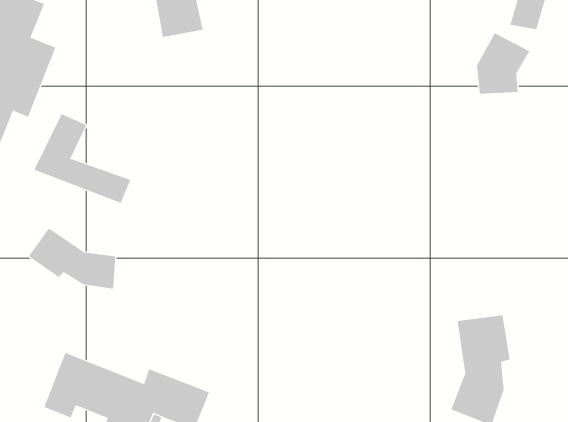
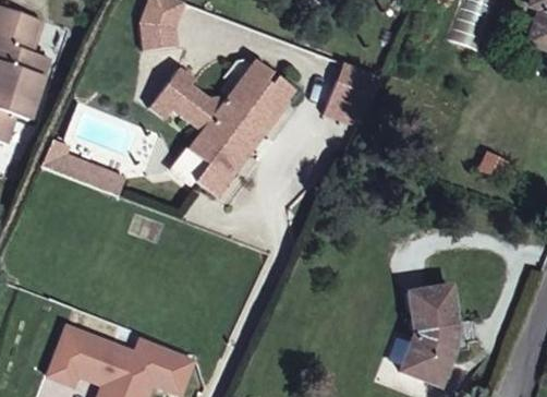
building: [476,32,530,94] -> none
building: none -> [157,64,305,194]
building: [28,227,116,290] -> none

